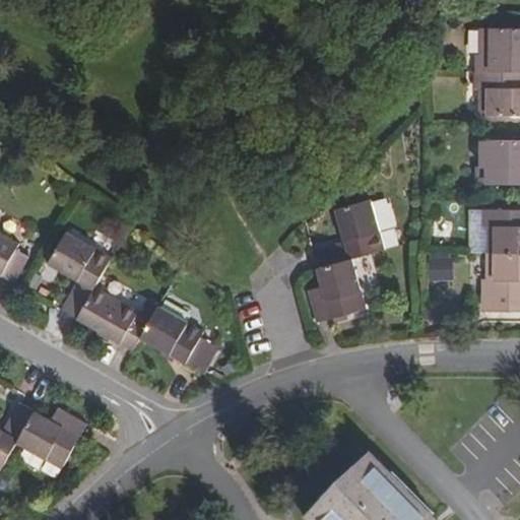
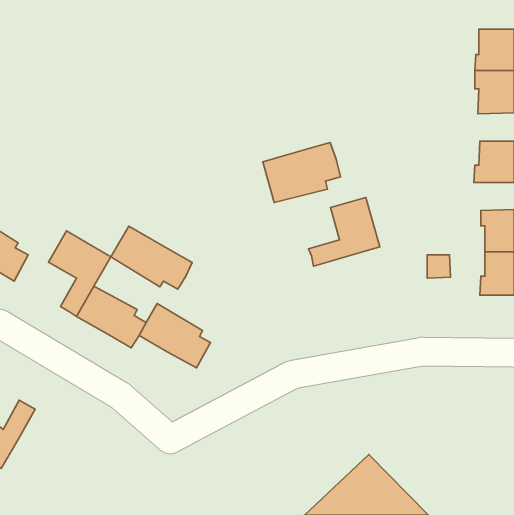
building: none -> [263,142,341,203]
building: none -> [111,226,192,289]
building: [307,258,367,322] -> none
building: [18,409,86,468] -> none

